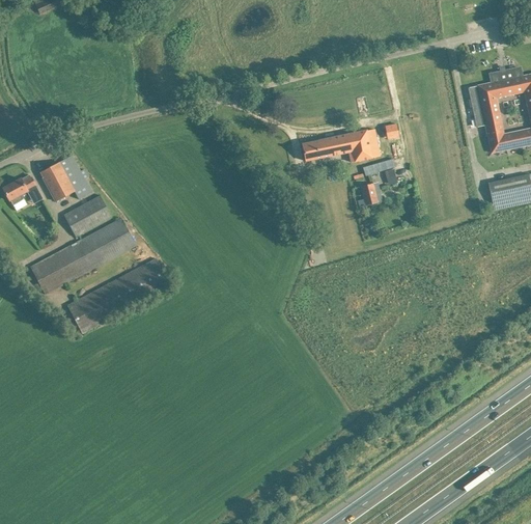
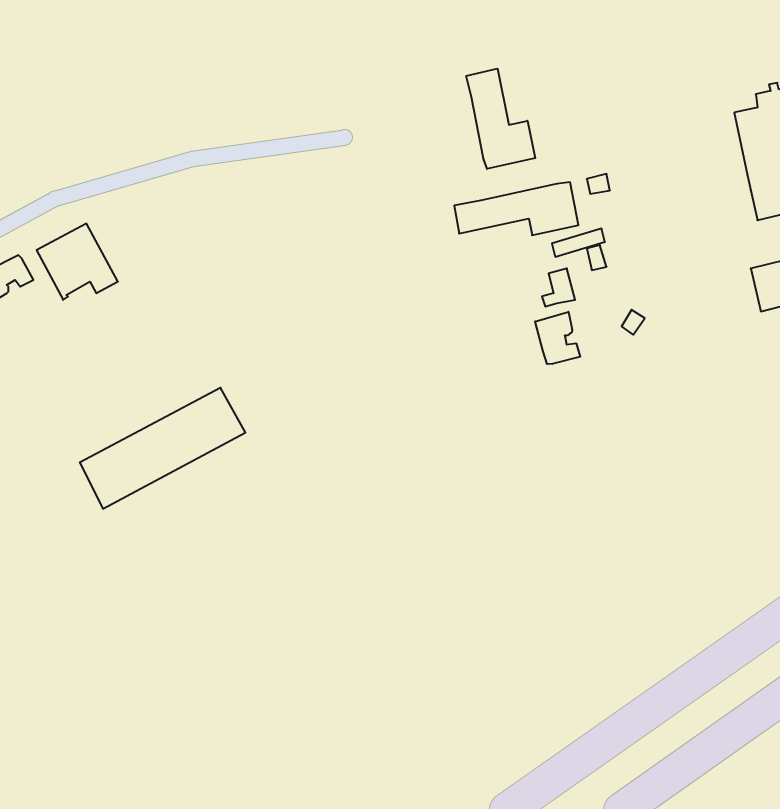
building: none -> [466,69,535,169]
building: [63,194,112,236] -> none
building: none -> [535,312,580,364]
building: [30,217,137,294] -> none

